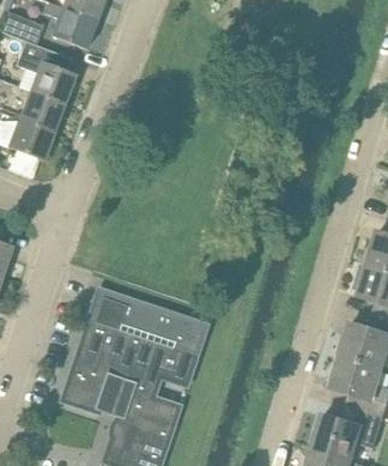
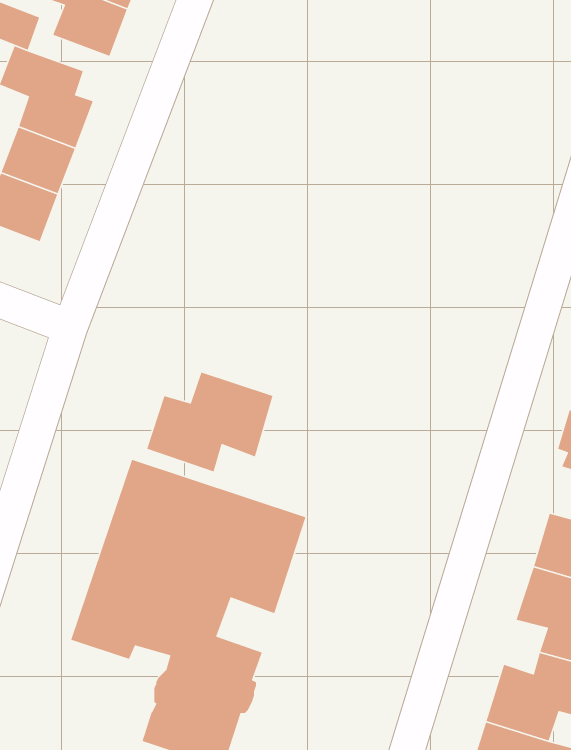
building: none -> [146,371,274,472]

